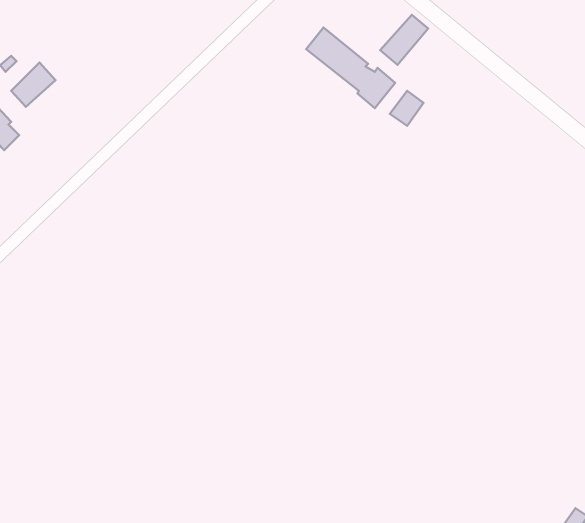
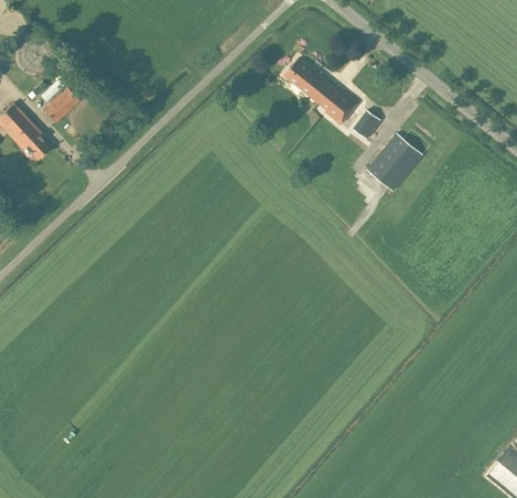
building: [380,15,428,65] -> none
building: none -> [366,133,423,192]

